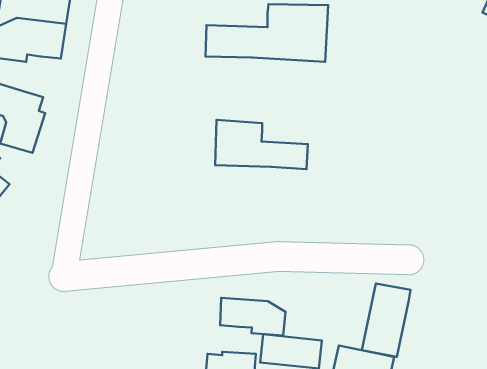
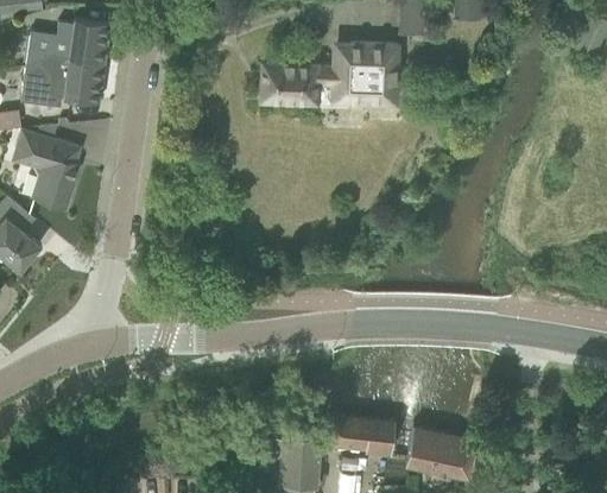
building: [215,120,308,169] -> none
building: [362,283,411,357] -> none
building: [220,298,285,336] -> none

